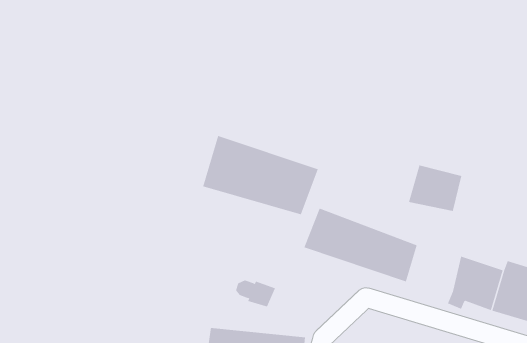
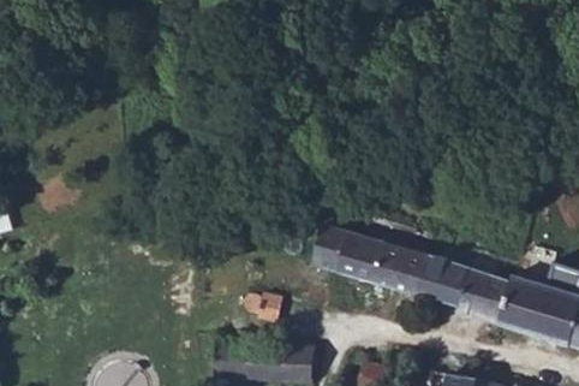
building: [203,135,318,215] -> none
building: [408,165,462,212] -> [417,256,471,303]

